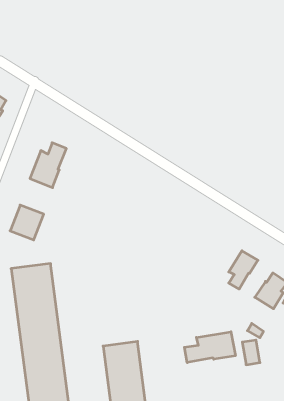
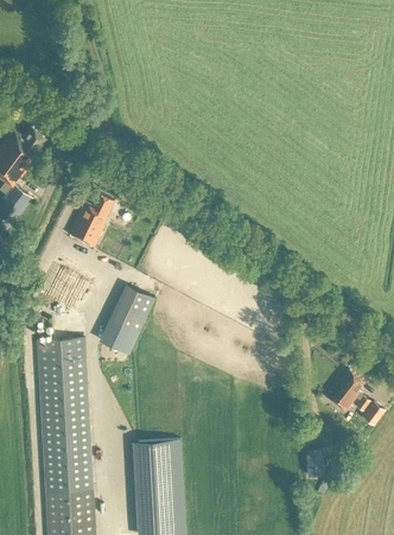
building: none -> [98,286,153,356]
building: [229,251,258,289] -> none
building: [184,332,235,363] -> none

